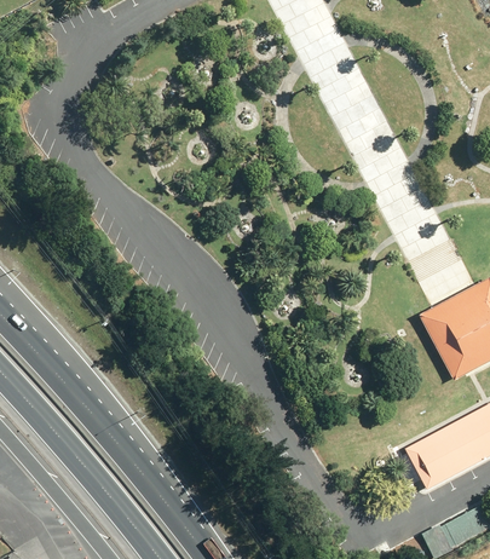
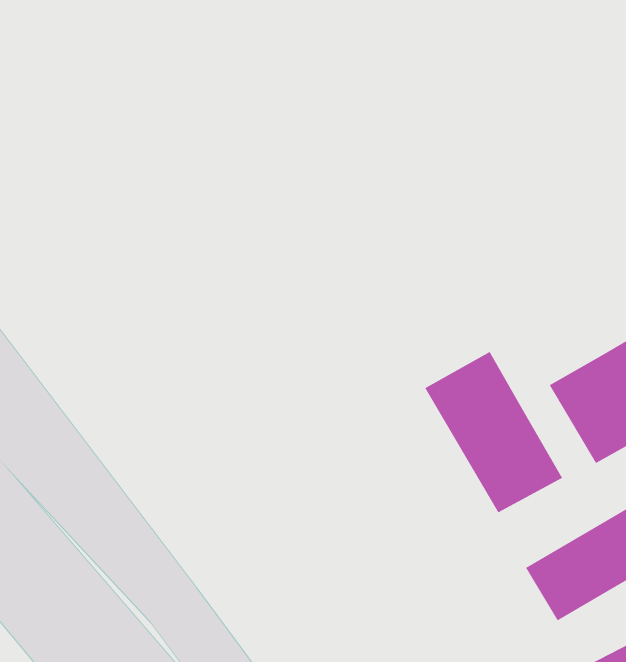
building: none -> [425,351,563,513]

